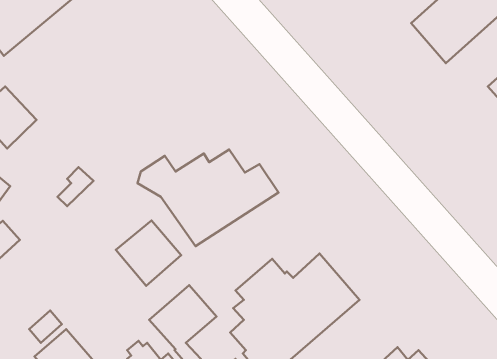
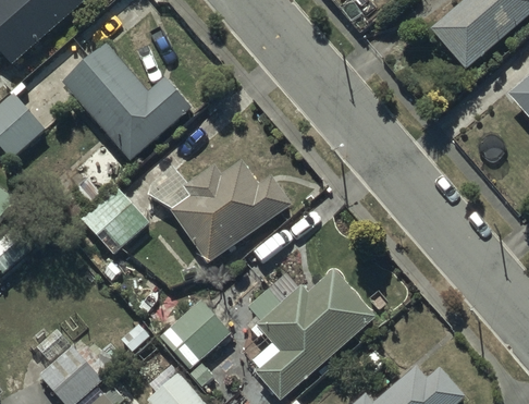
building: none -> [62,44,192,160]
building: [116,221,181,286] -> [81,187,148,255]

